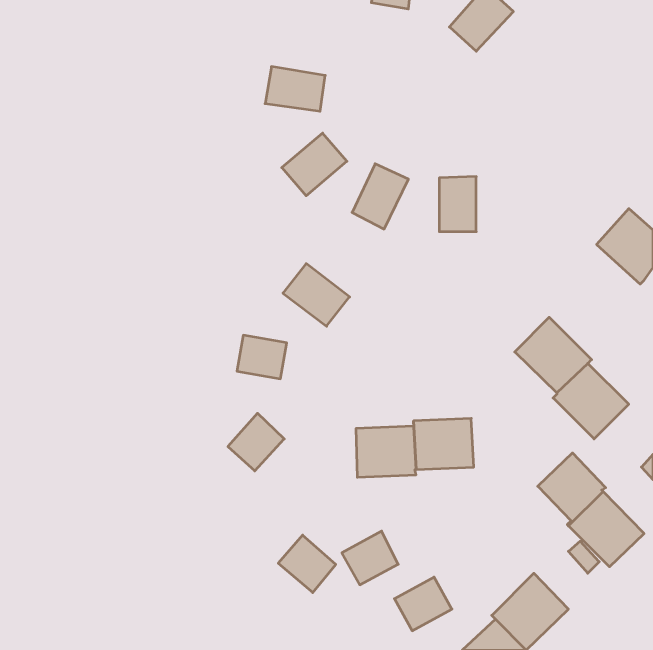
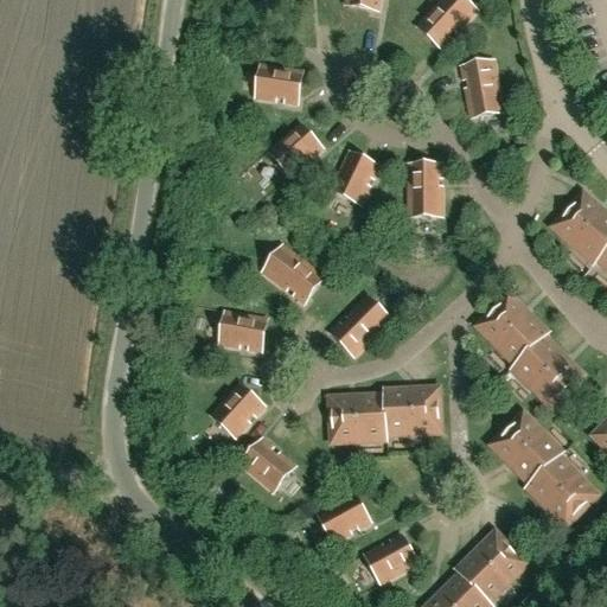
building: none -> [460,60,503,116]
building: none -> [330,295,390,354]
building: [278,535,336,593] -> [241,437,294,491]

